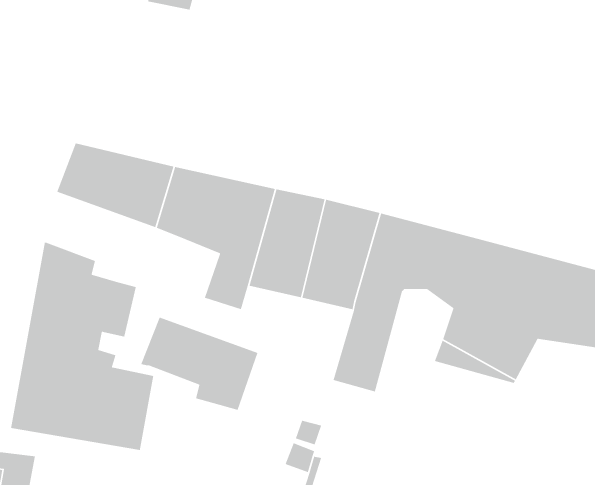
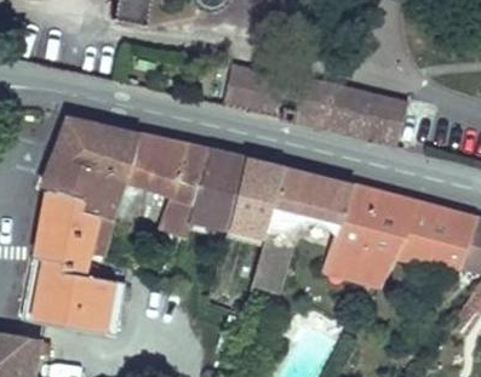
building: none -> [222,63,406,144]
building: [140,316,259,411] -> [41,152,125,218]

